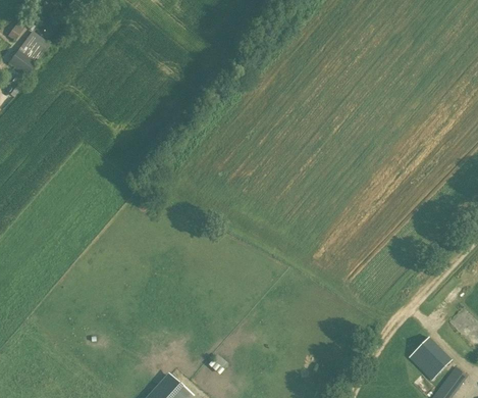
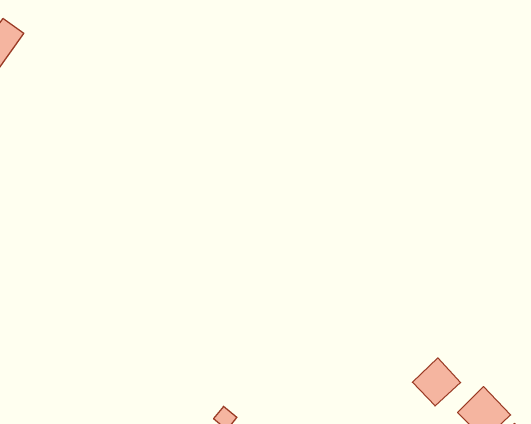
building: none -> [412,358,461,406]

